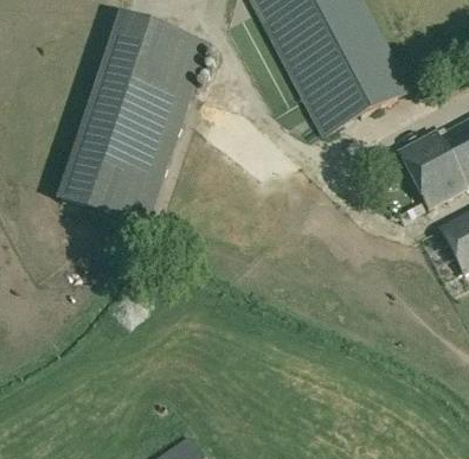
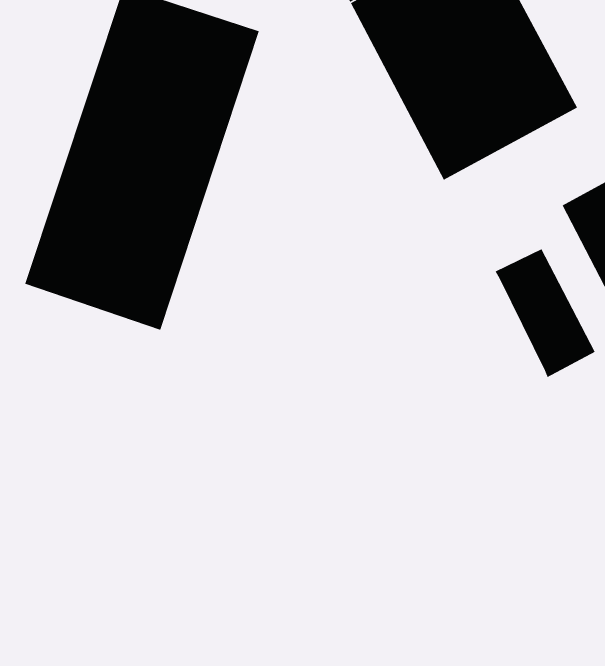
building: none -> [494,248,596,378]

